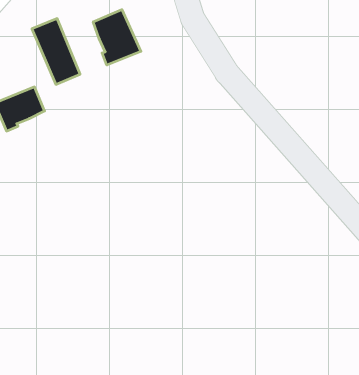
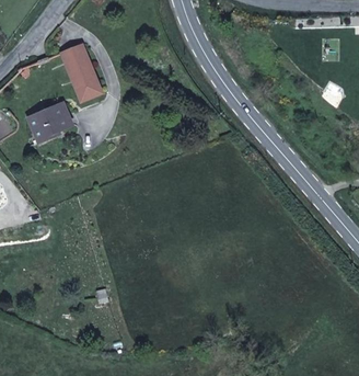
building: [93,10,141,65] -> none

